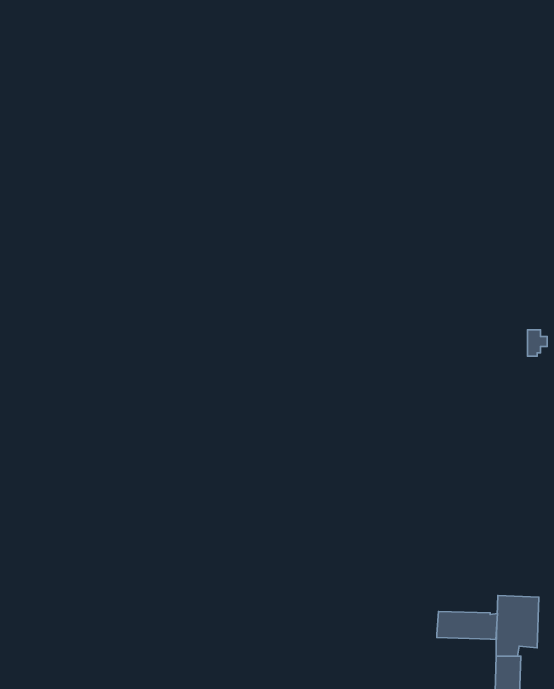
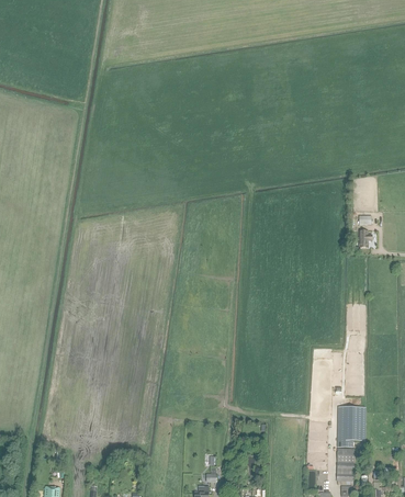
building: [437,611,497,640] -> none

